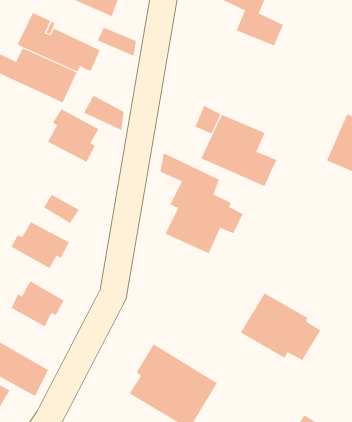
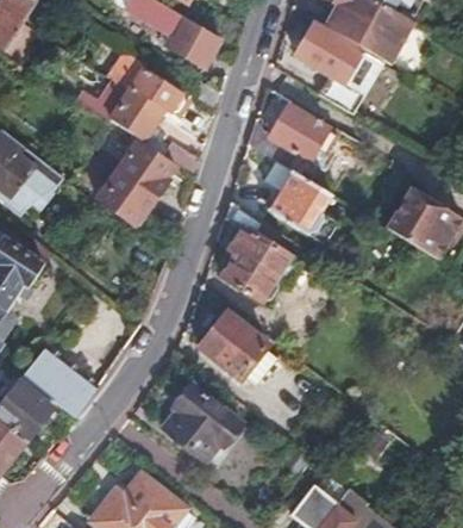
building: none -> [249,106,340,169]
building: [10,221,70,269] -> [100,175,157,223]
building: [11,280,65,327] -> none
building: [240,292,321,361] -> [200,316,277,386]

